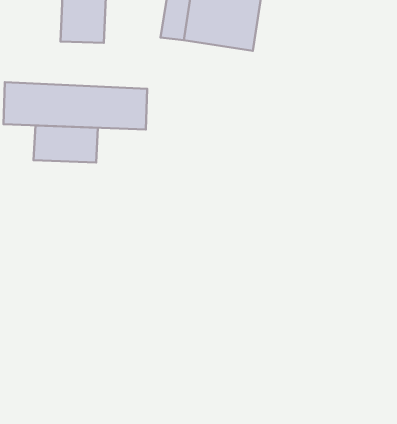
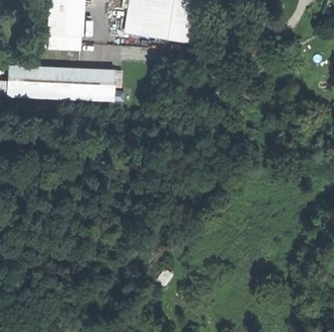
building: none -> [48,34,81,50]
building: [34,125,98,163] -> none

